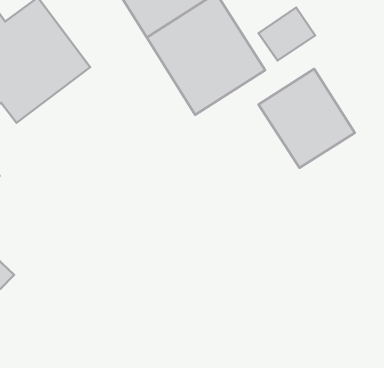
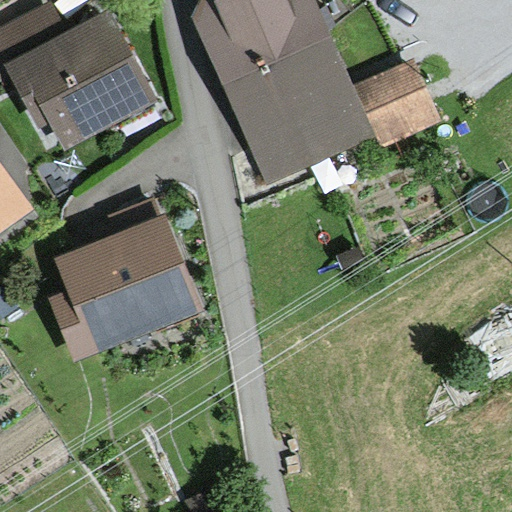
building: [258,69,355,168] -> none
building: none -> [47,197,204,363]

